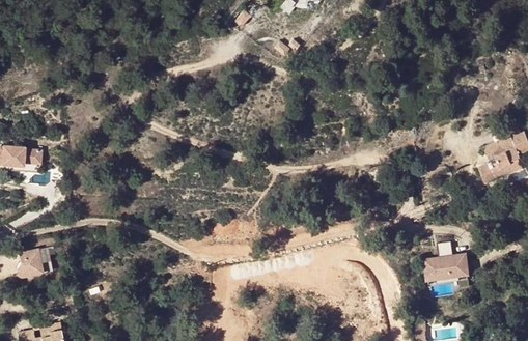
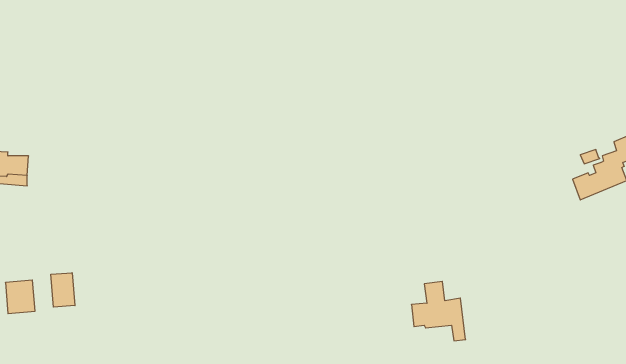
building: none -> [51,273,75,307]
building: [423,244,467,291] -> [411,281,466,341]

